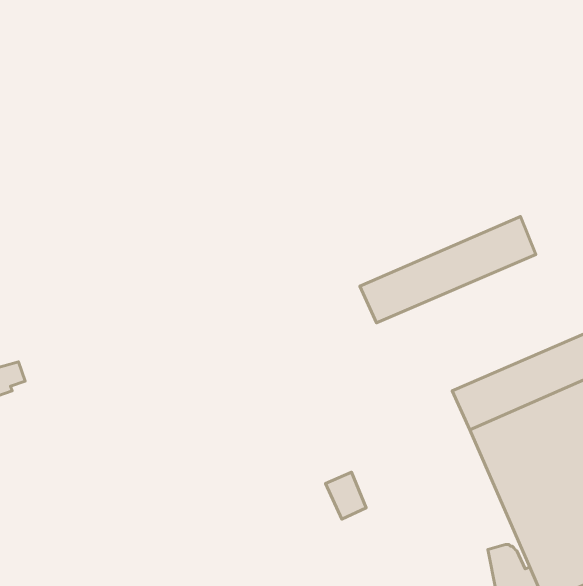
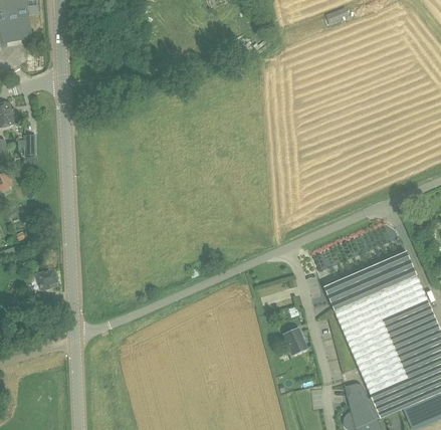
building: [360,217,536,323] -> none
building: [326,472,366,519] -> [282,327,307,356]

